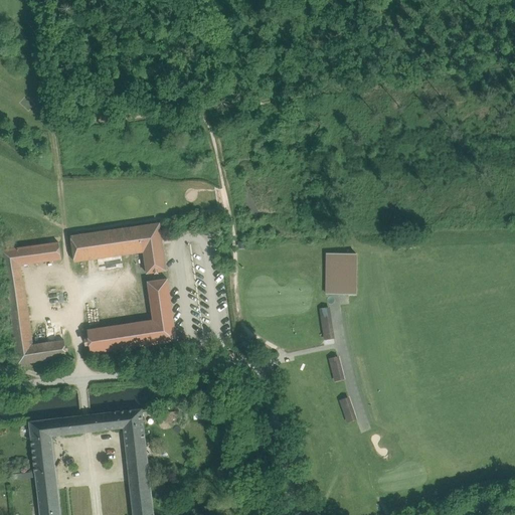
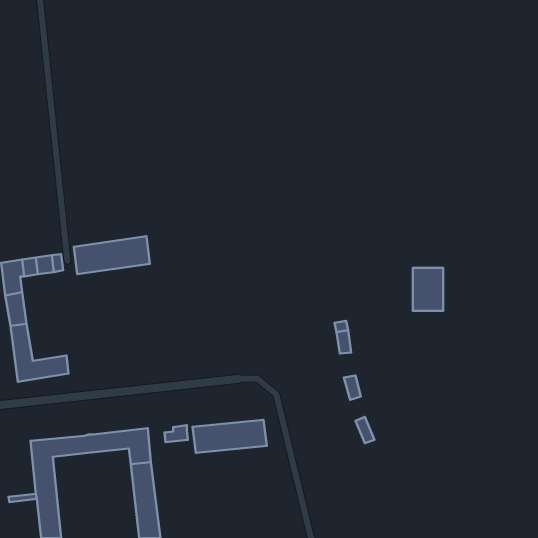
building: [140,222,165,273] -> none
building: [326,252,355,294] -> [413,268,443,311]
building: [87,279,175,353] -> none
building: none -> [192,420,267,453]

